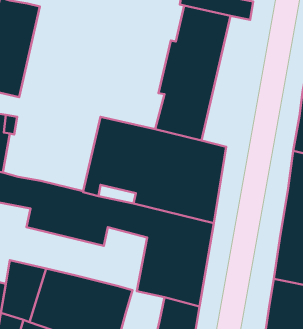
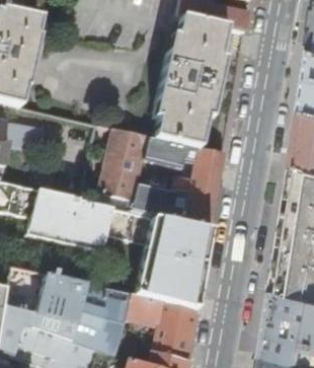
building: none -> [126,294,164,324]

